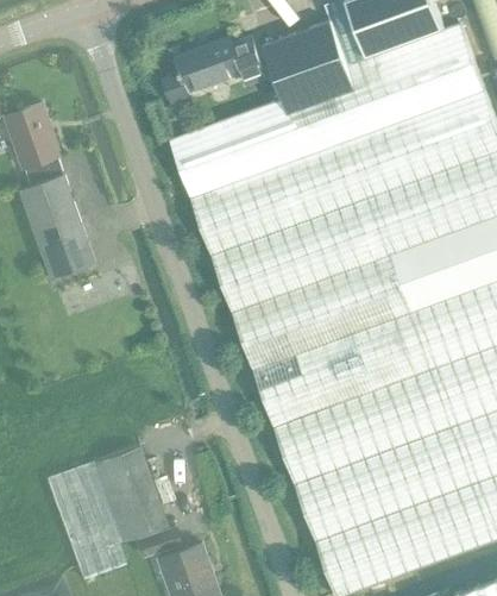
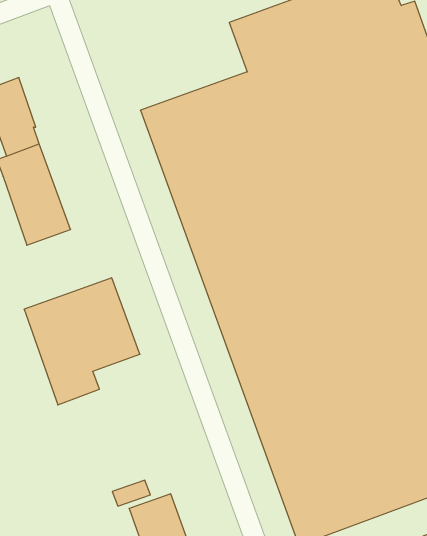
building: [164,36,269,105] -> none
building: [48,446,170,581] -> [24,278,140,405]

